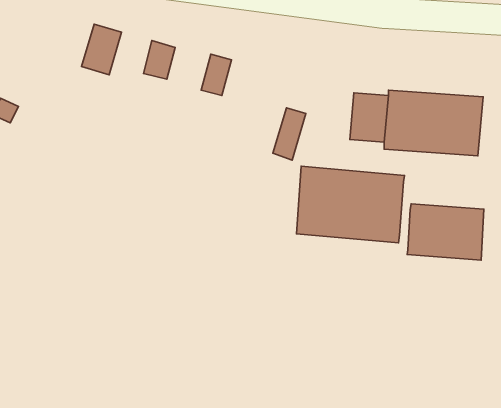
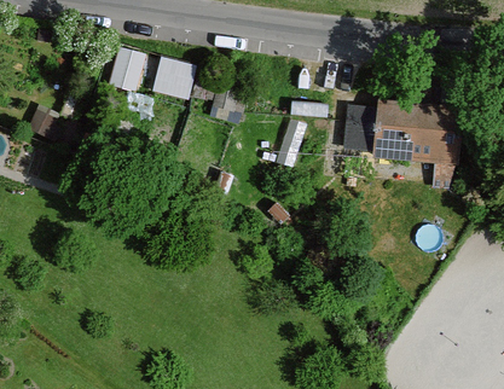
building: [296,166,405,243] -> none
building: [407,204,484,260] -> none

